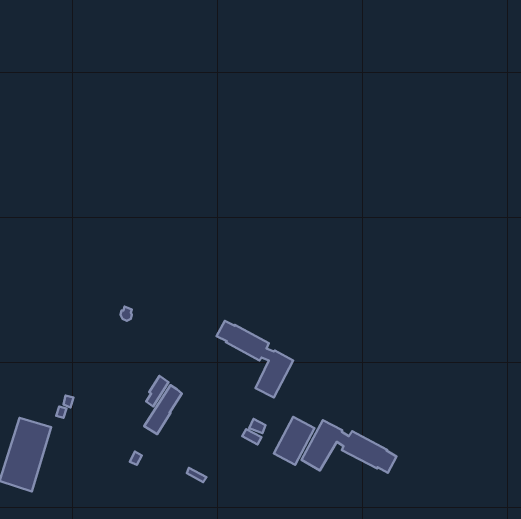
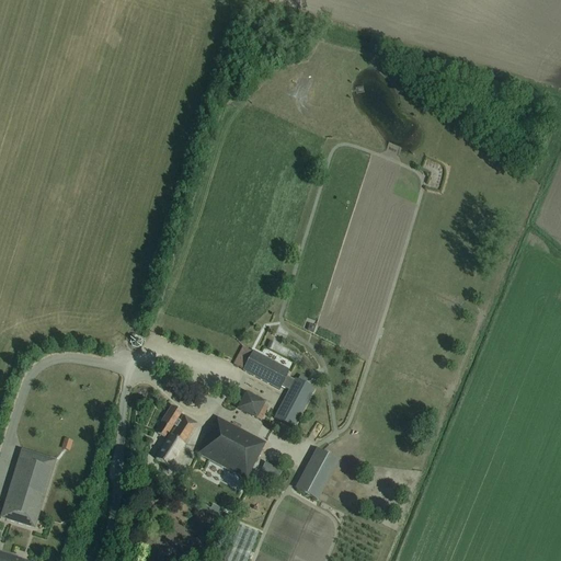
building: none -> [237,390,265,417]
building: none -> [198,415,266,477]
building: [301,420,397,473] -> none

